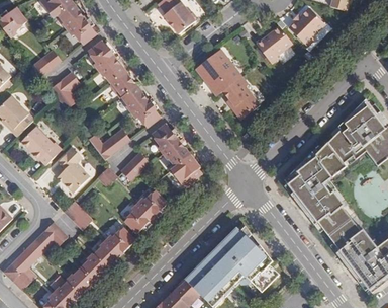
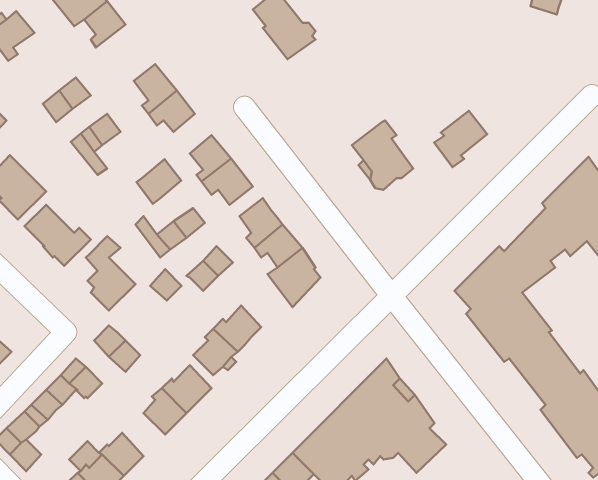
building: [289,7,326,47] -> none
building: [65,17,96,45] -> none
building: [258,26,290,61] -> [434,111,487,167]
building: [196,49,239,95] -> none
building: [108,72,135,99] -> [136,159,181,204]
building: [81,253,107,282] -> none

